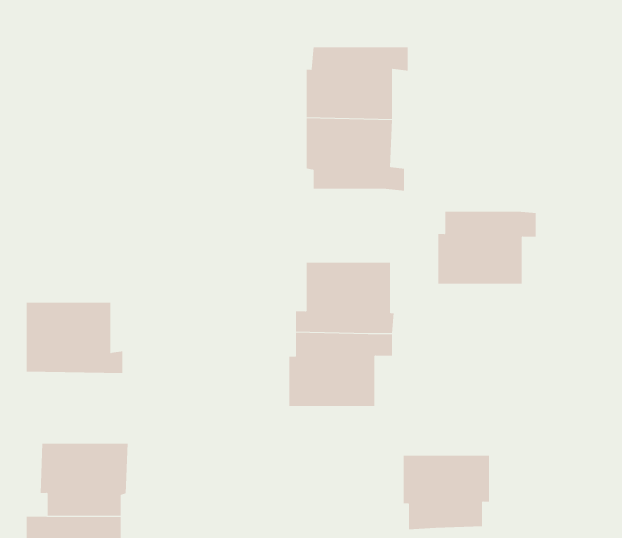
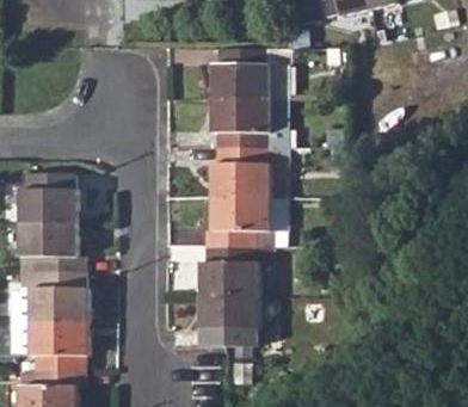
building: [437,211,537,284] -> [211,146,279,196]
building: none -> [19,189,78,223]
building: none -> [19,271,90,320]
building: [403,455,490,530] -> [199,295,259,346]

